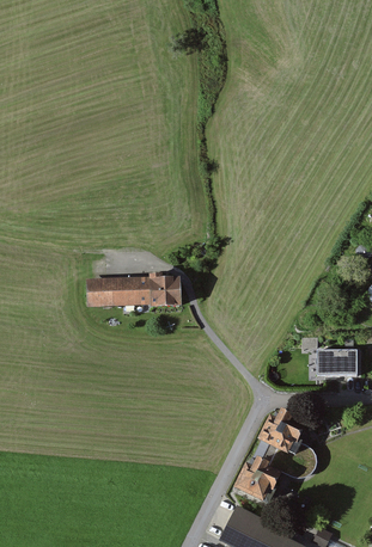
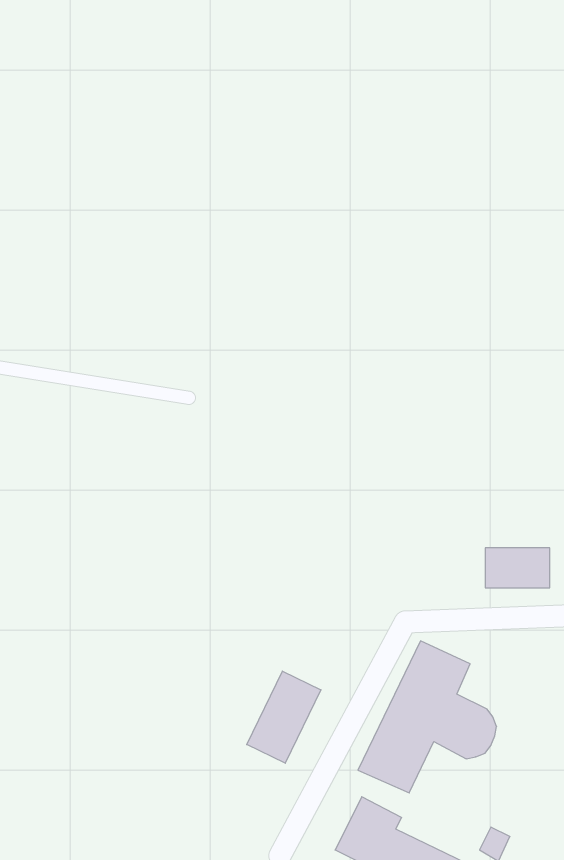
building: [86,277,181,309] -> none
building: none -> [247,671,321,763]

